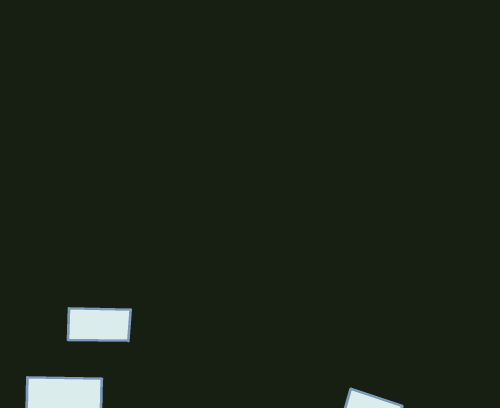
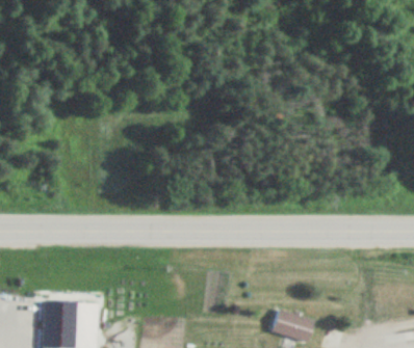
building: [68,308,131,341] -> none

